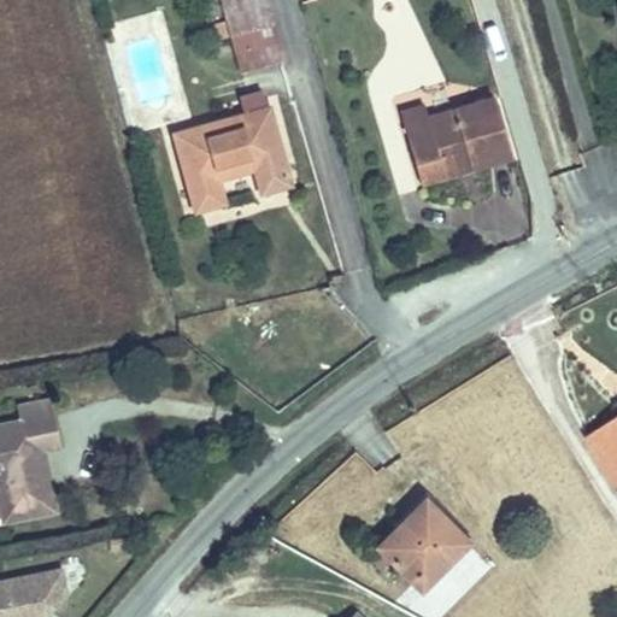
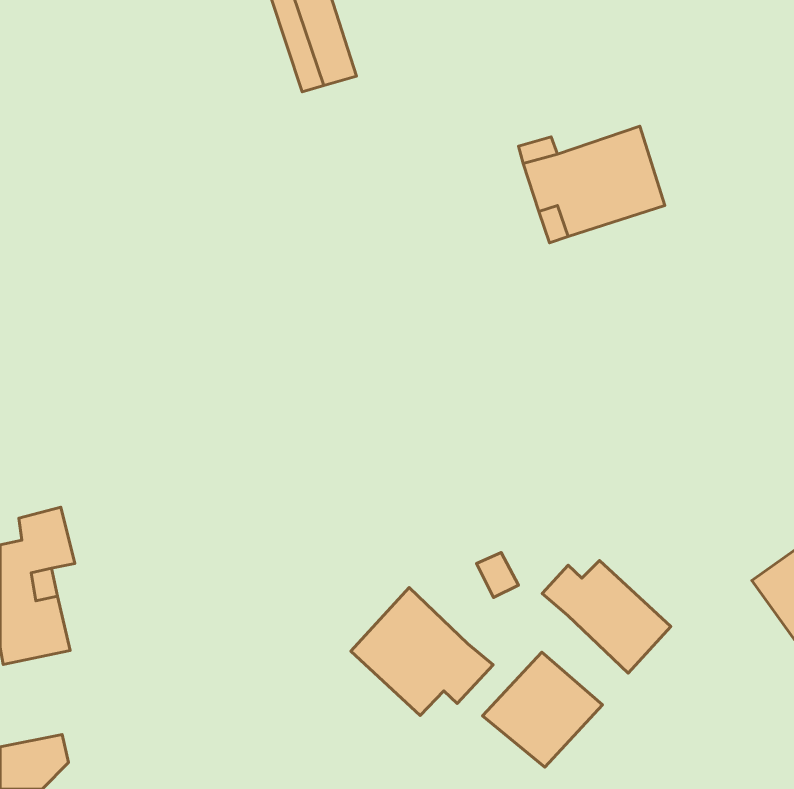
building: [172,100,292,208] -> none
building: none -> [542,560,671,673]
building: none -> [351,587,493,715]

